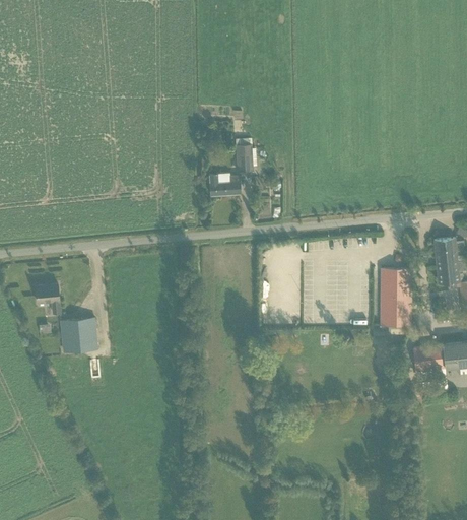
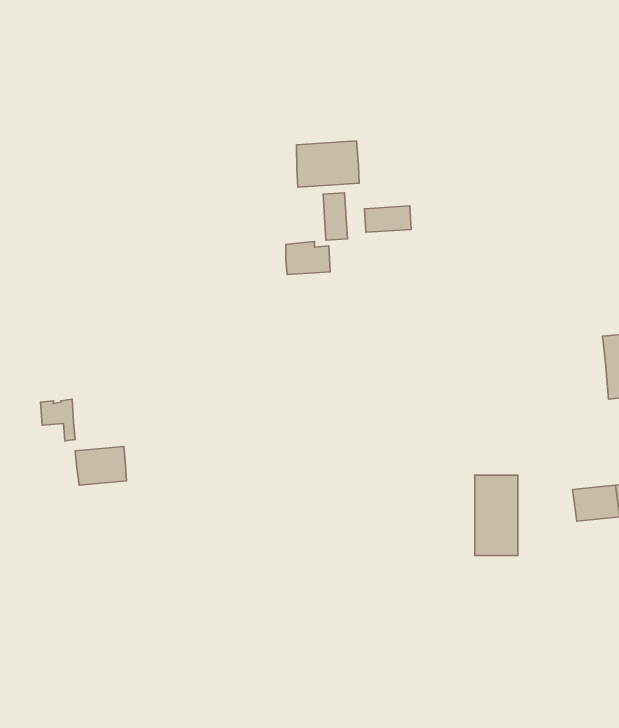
building: none -> [297,141,359,187]
building: none -> [364,206,411,232]
building: [381,270,411,327] -> [475,475,518,555]

